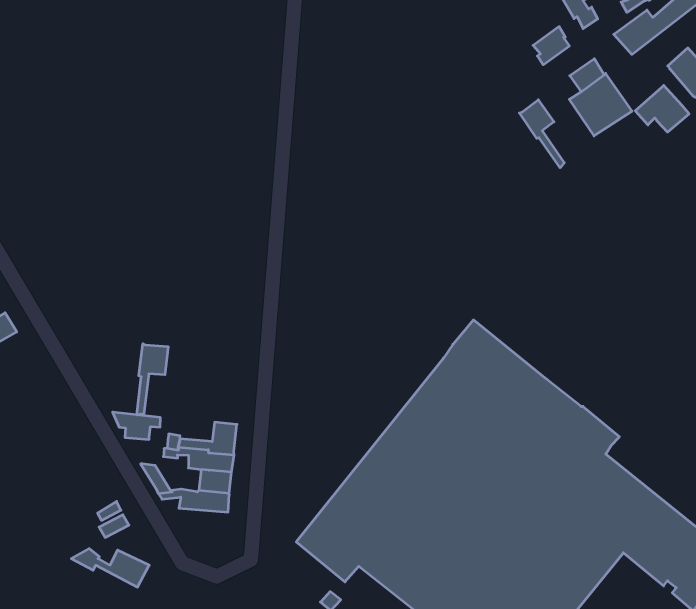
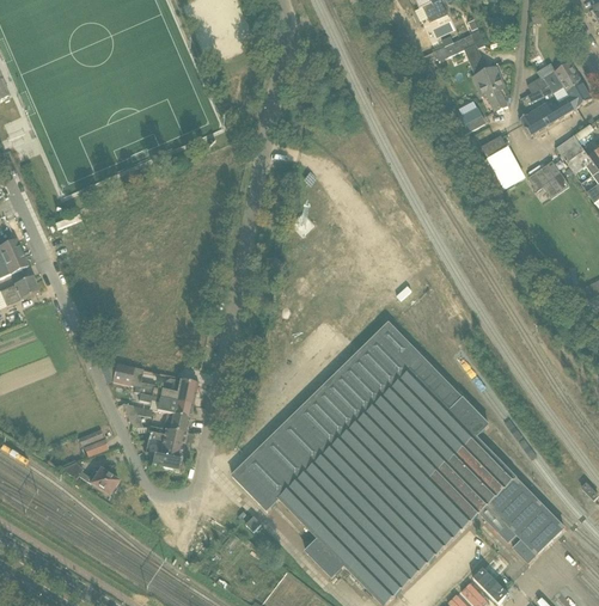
building: [519,100,564,168] -> none
building: [137,344,168,415] -> none
building: none -> [143,437,183,470]

